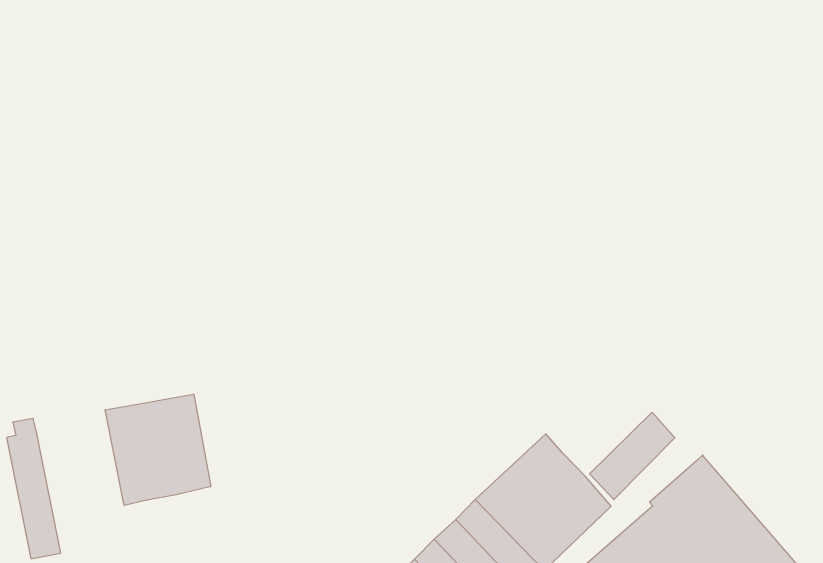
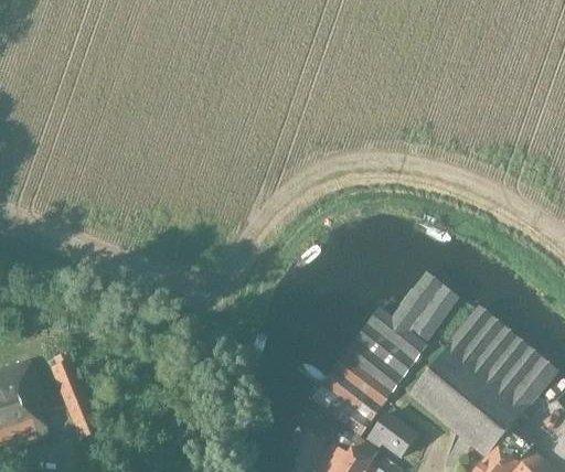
building: none -> [393,270,444,329]
building: [105,394,211,505] -> none

